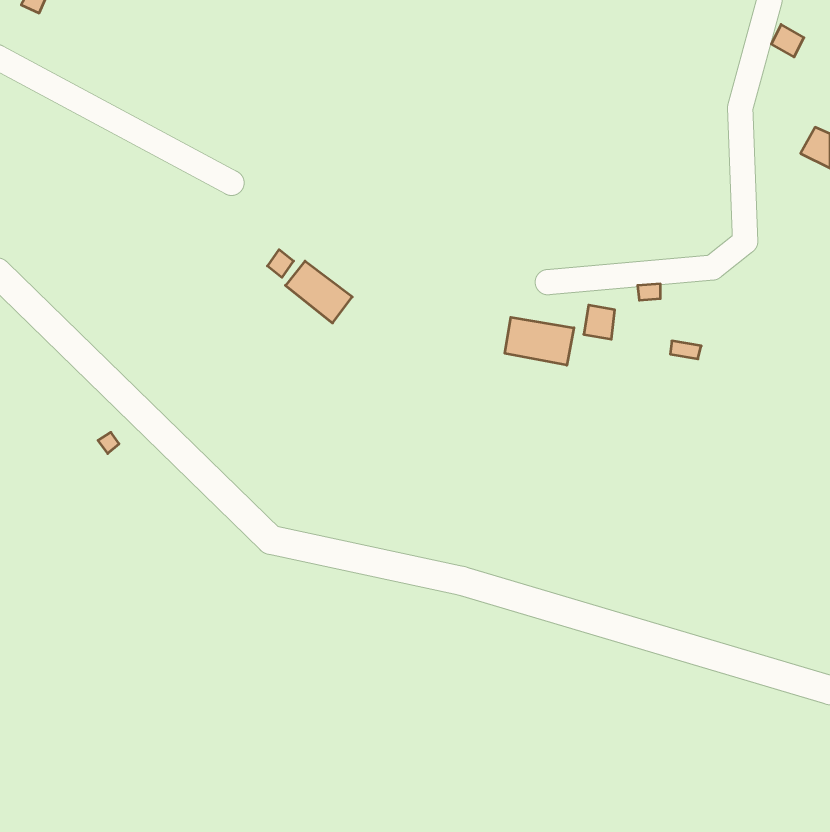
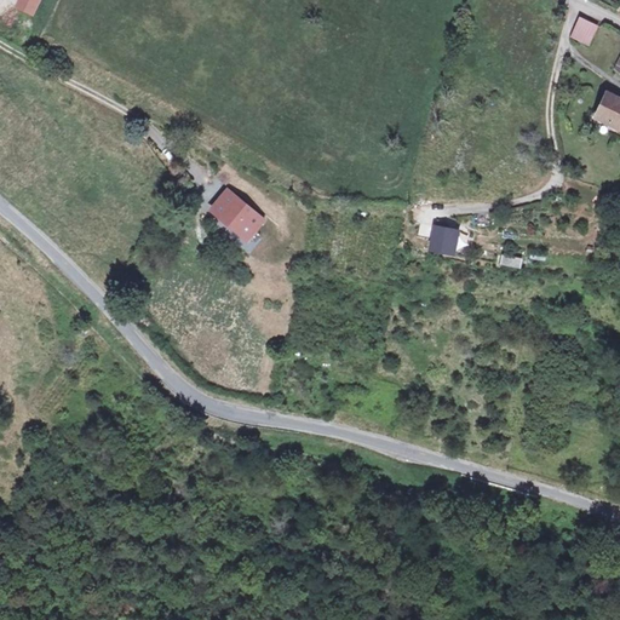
building: [505,317,574,365] -> none

